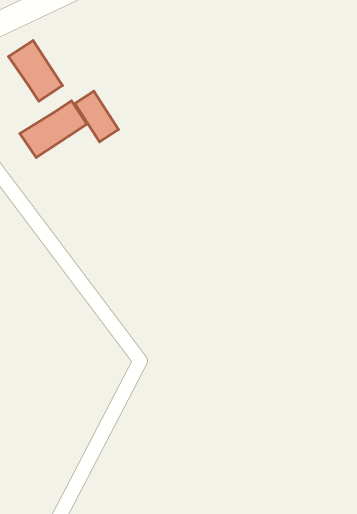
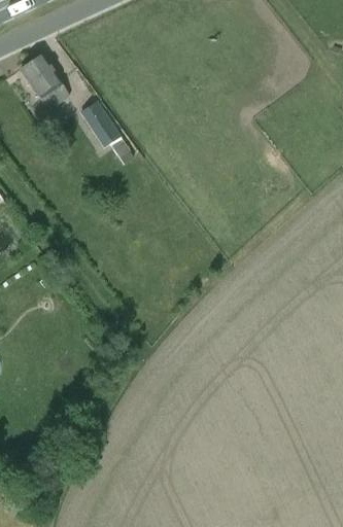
building: [20,101,87,158] -> none

